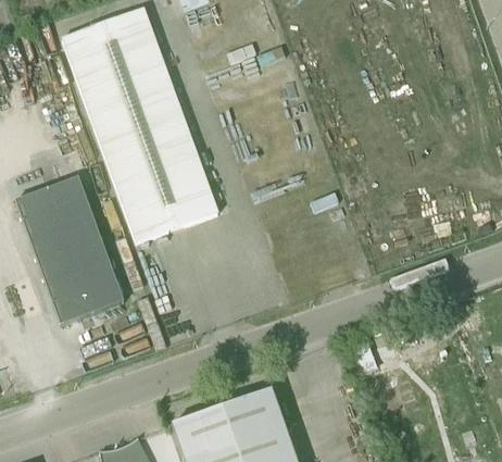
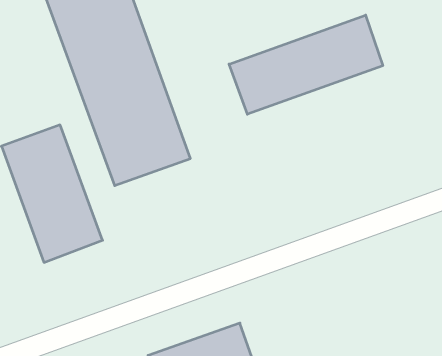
building: none -> [229,15,383,114]

